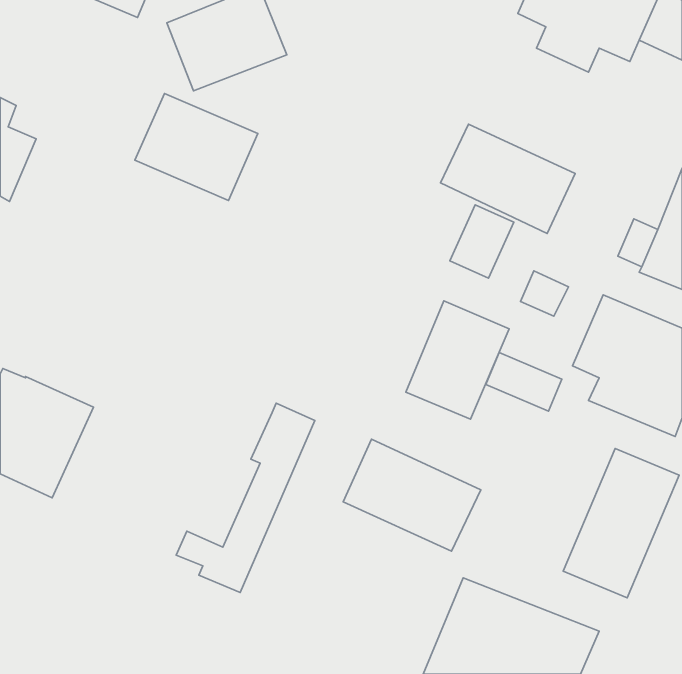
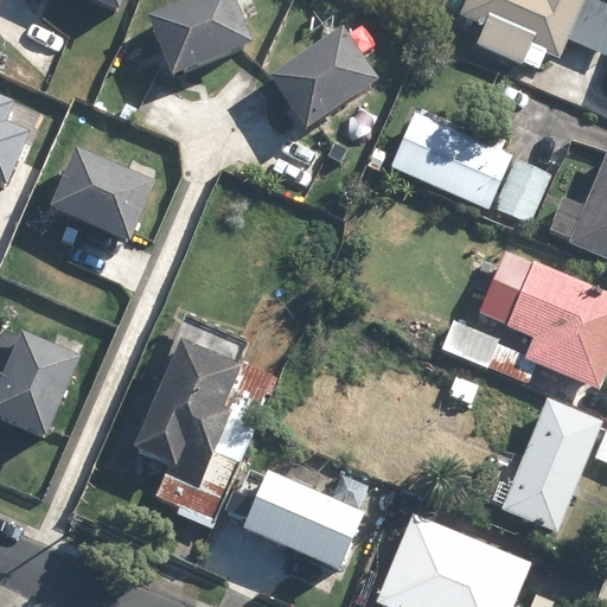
building: none -> [273,32,381,133]
building: [135,94,258,200] -> [51,152,160,247]
building: [450,205,514,278] -> [496,156,552,222]
building: [406,301,509,419] -> none
building: none -> [133,340,242,486]
building: [343,439,481,551] -> [242,471,364,570]

